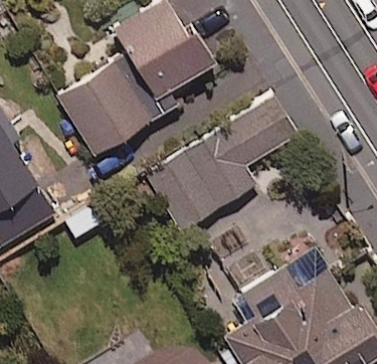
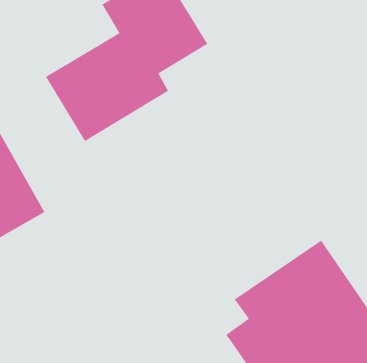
building: [147,102,293,233] -> none

